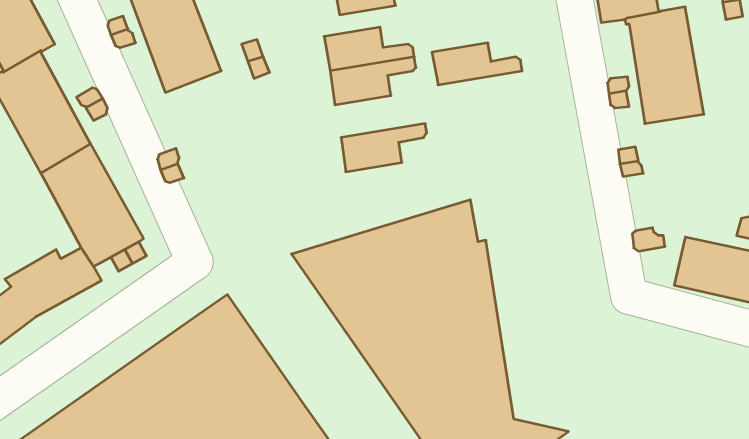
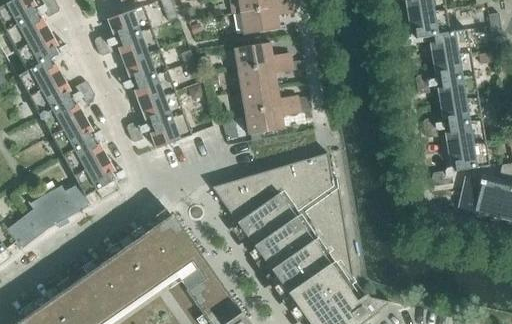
building: [432,43,522,85] -> [241,86,299,113]
building: none -> [132,70,192,148]
building: none -> [440,98,489,172]

